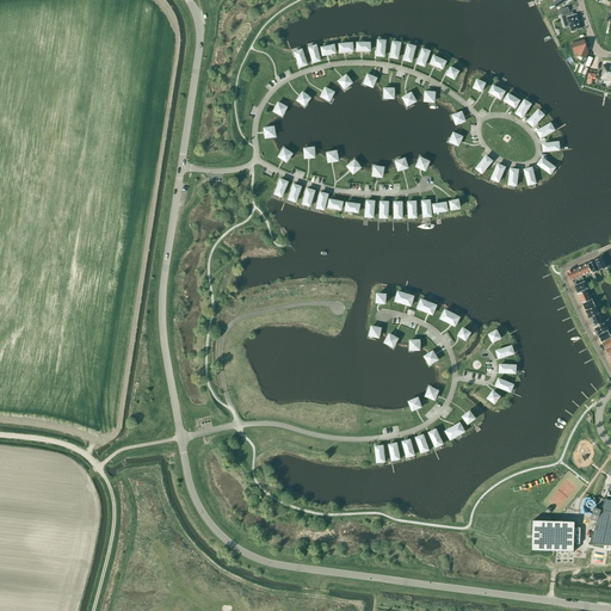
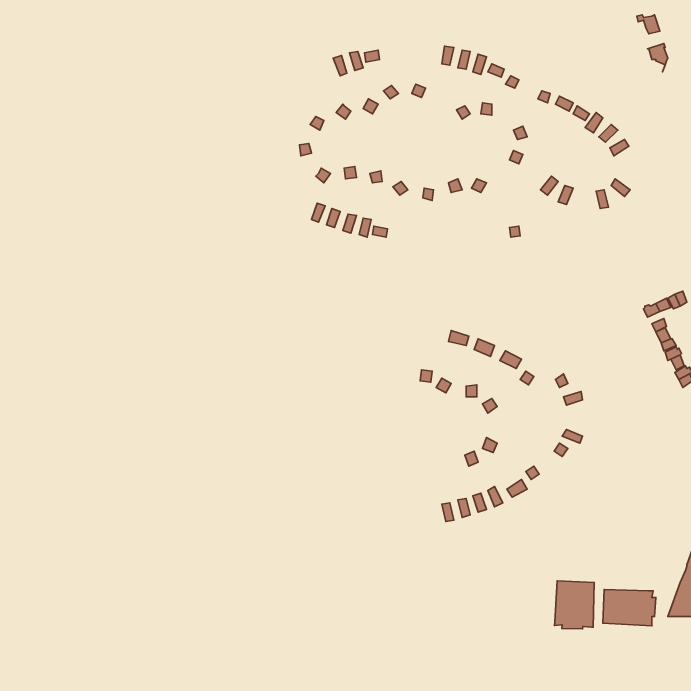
building: none -> [555,581,594,629]

